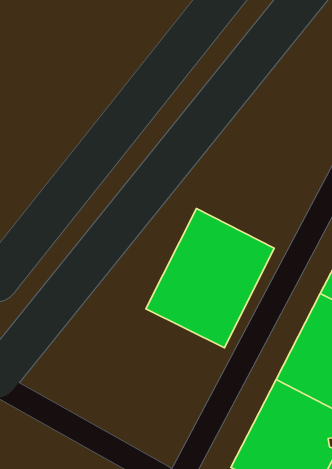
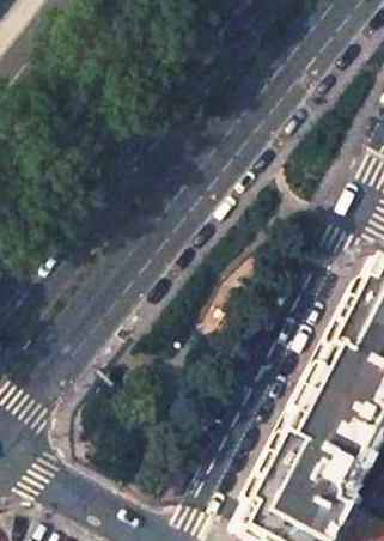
building: [146,208,274,348] -> none

